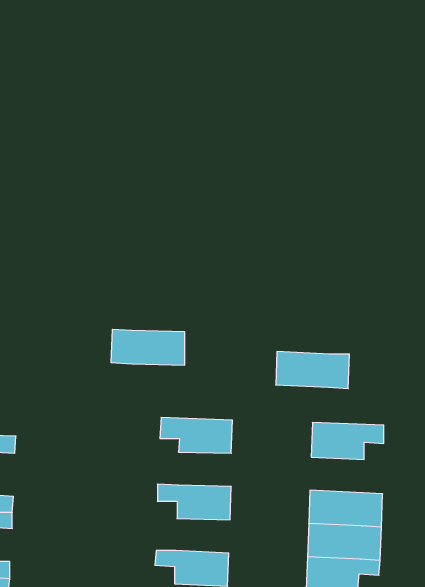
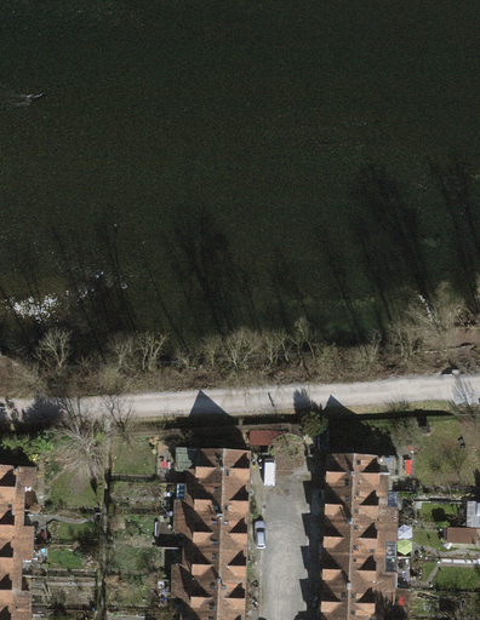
building: [111,329,185,365] -> [175,483,247,518]
building: [276,352,349,389] -> [325,489,398,526]
building: none -> [173,550,246,584]

